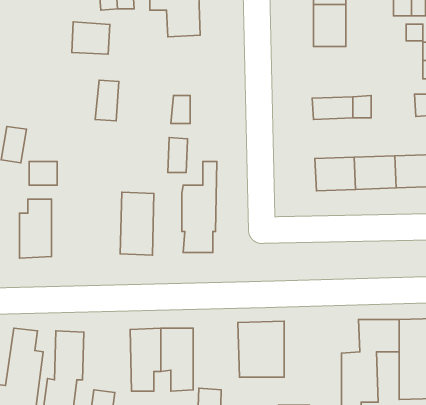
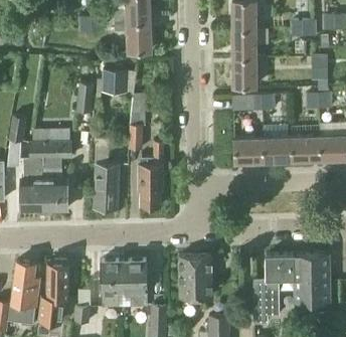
building: [72,22,110,54] -> [102,69,129,93]
building: none -> [233,58,256,87]
building: none -> [33,129,73,158]
building: none -> [45,168,68,209]

